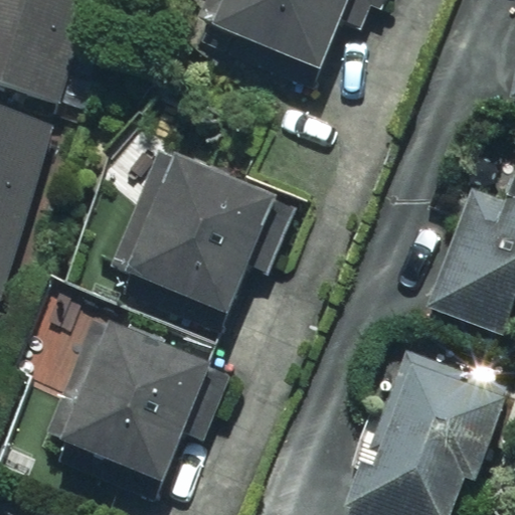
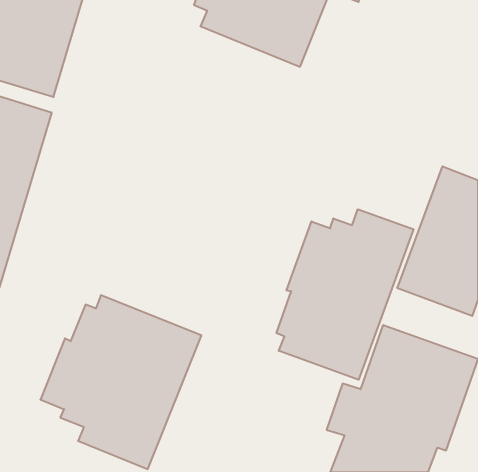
building: [113,148,279,329] -> none
building: none -> [276,209,413,380]

